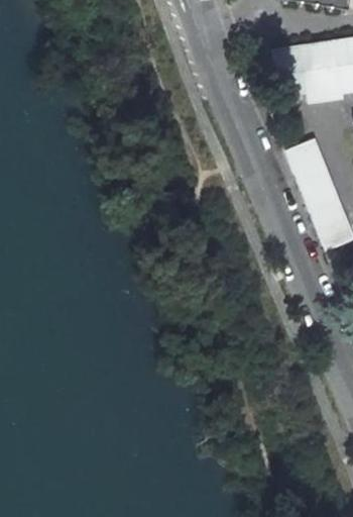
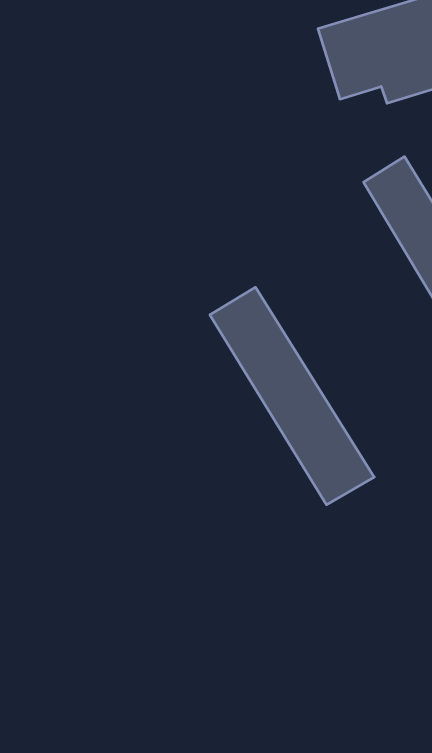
building: none -> [210,287,374,505]

